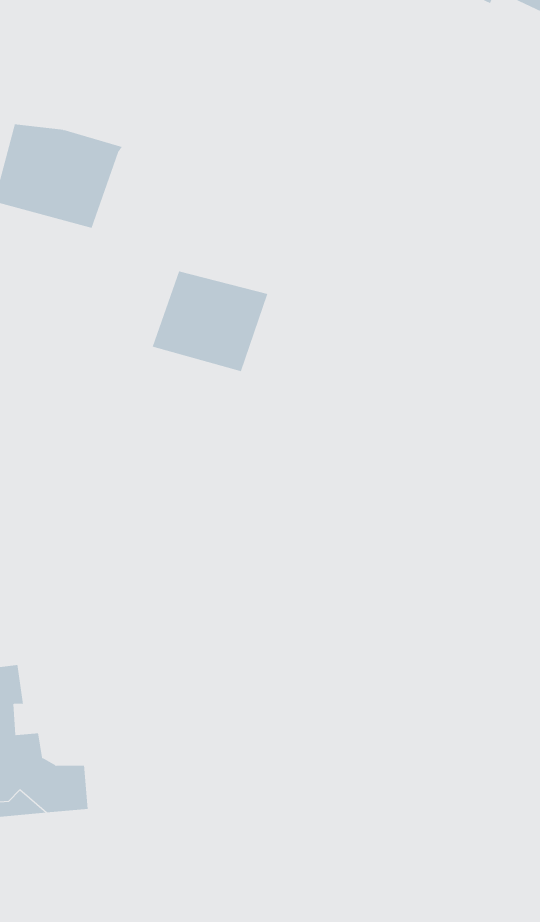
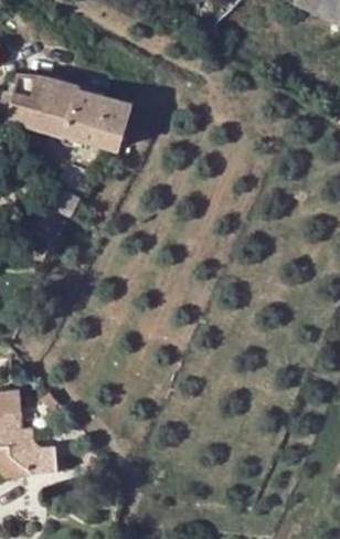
building: [152,271,268,372] -> [62,91,129,149]

